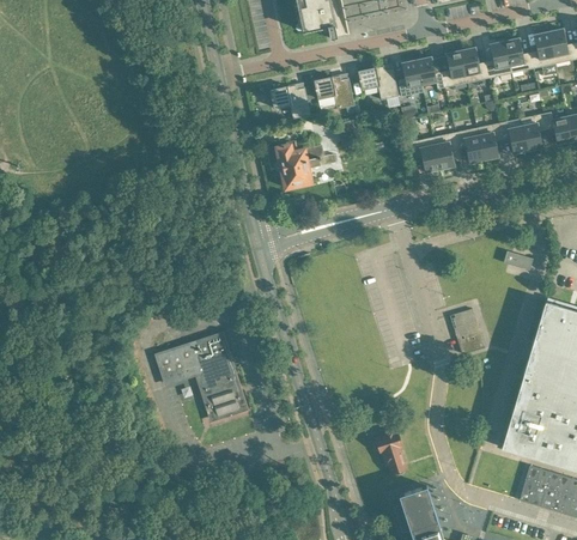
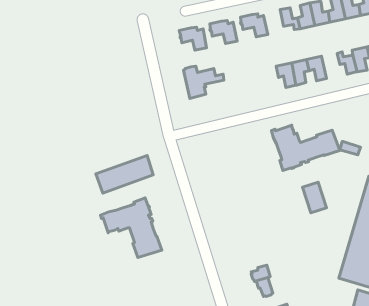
building: [397,60,424,97] -> none
building: [476,123,503,159] -> none
building: none -> [272,125,340,171]
building: none -> [96,155,153,193]

